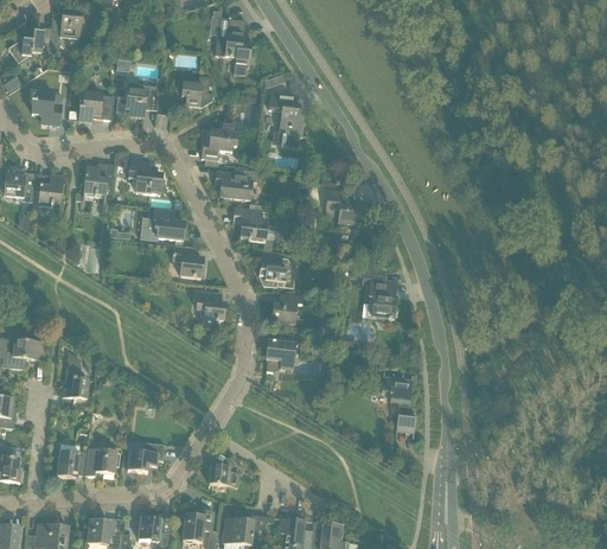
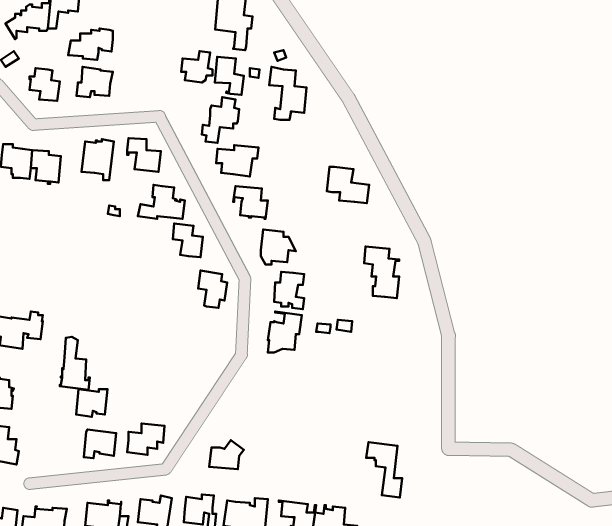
building: none -> [215,57,244,95]
building: [114,84,158,115] -> [68,29,113,60]
building: [379,376,415,430] -> [366,442,402,498]
building: [56,449,87,477] -> [76,389,107,417]

